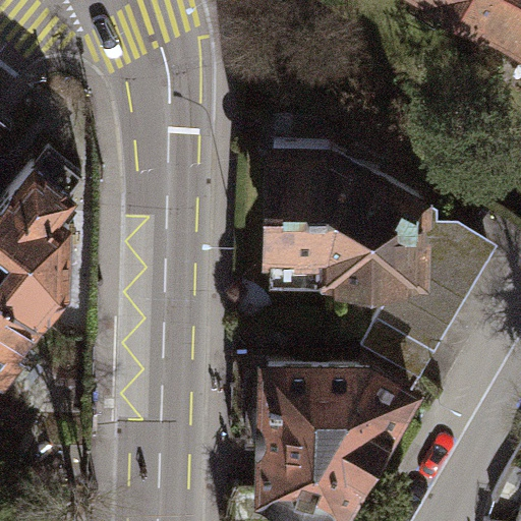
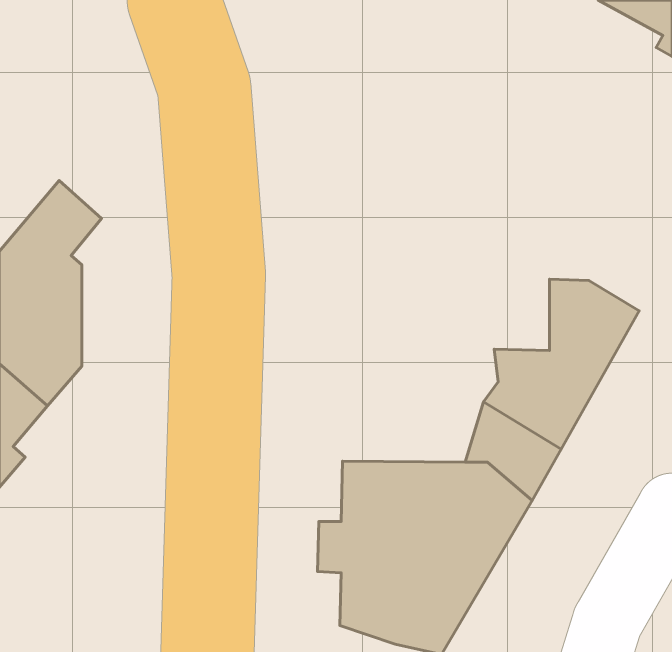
building: [268,155,424,287] -> none

